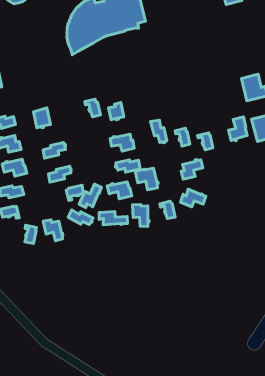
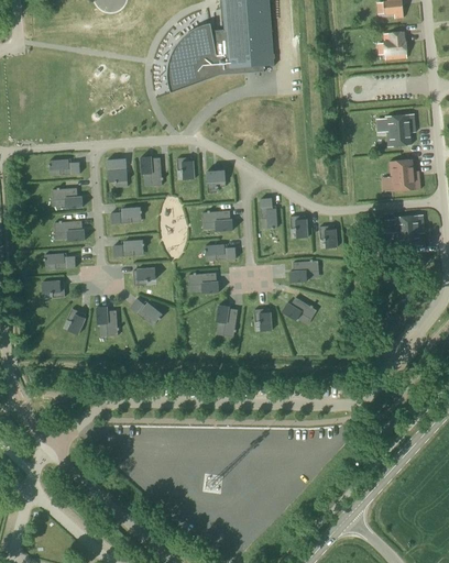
building: none -> [384,114,414,147]
building: none -> [139,157,162,186]
building: [229,117,247,141] -> none
building: [135,168,158,190] -> none
building: [79,184,101,207] -> none
building: [99,212,127,225] -> none

